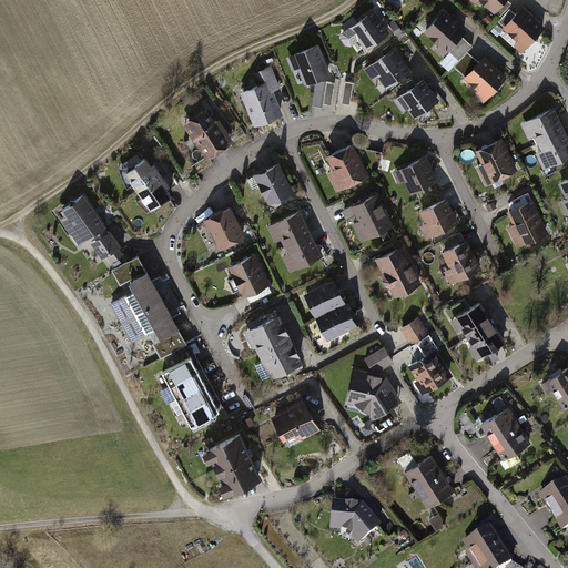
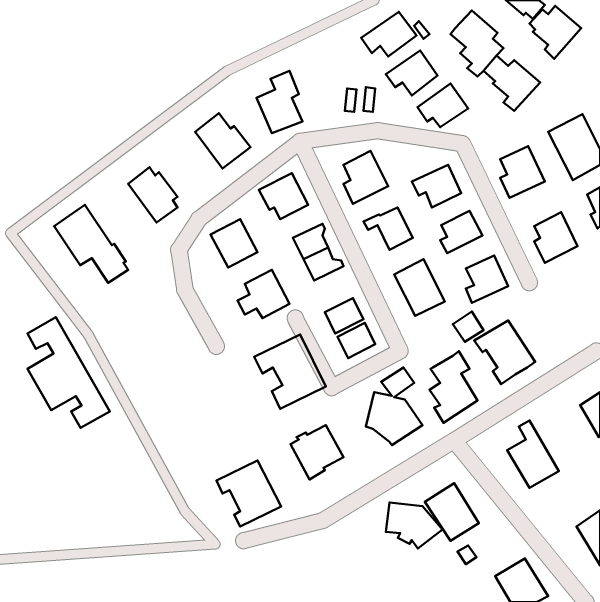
building: [287,44,333,85] -> none
building: [113,255,191,359] -> [27,317,110,428]
building: [397,316,426,345] -> [453,311,484,342]
building: [164,358,223,427] -> none
building: [326,504,379,547] -> [386,503,442,548]

